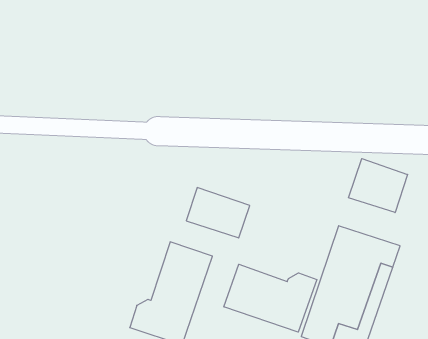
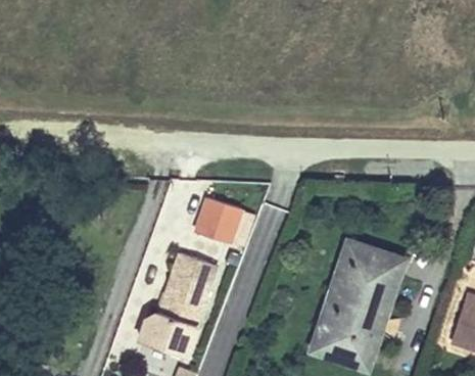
building: [349,159,408,213] -> none
building: [224,264,317,332] -> none

